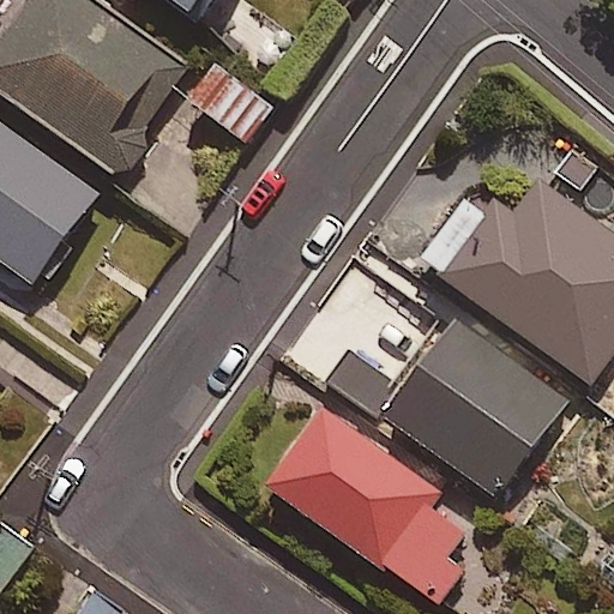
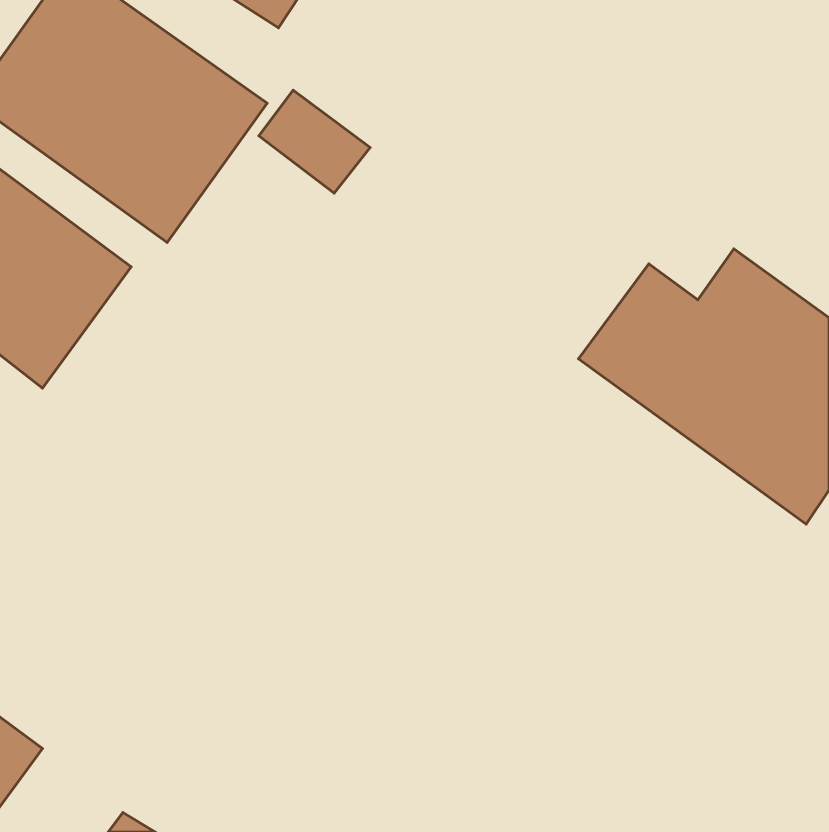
building: [377,313,567,498] -> none
building: [271,409,463,603] -> none

